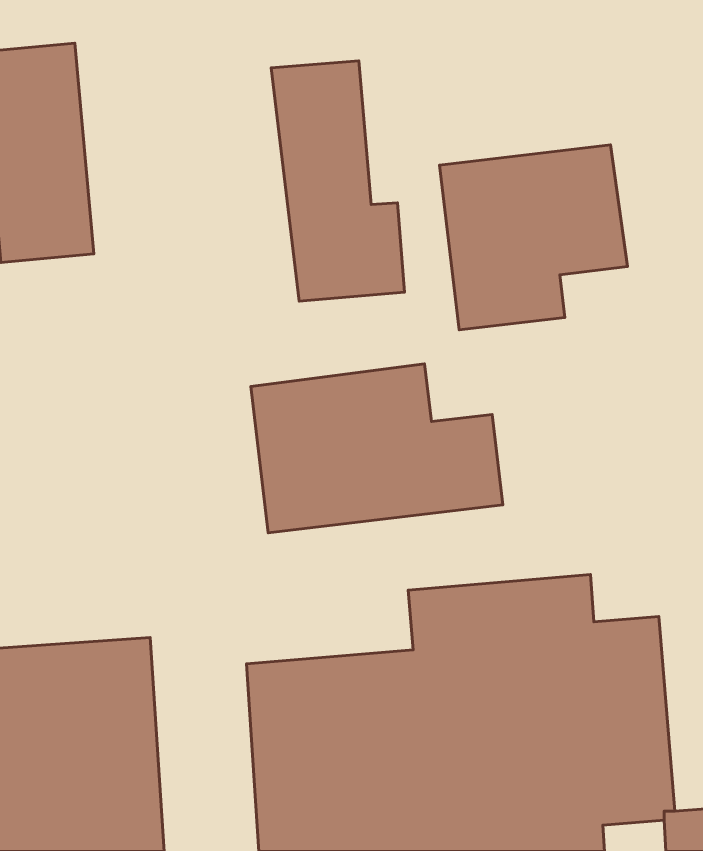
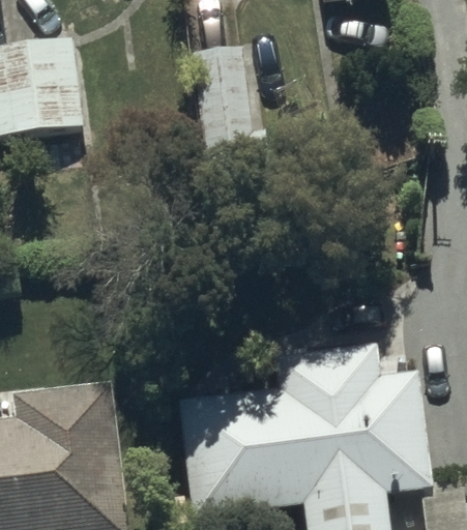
building: [439,145,628,330] -> none
building: [251,364,503,533] -> none

